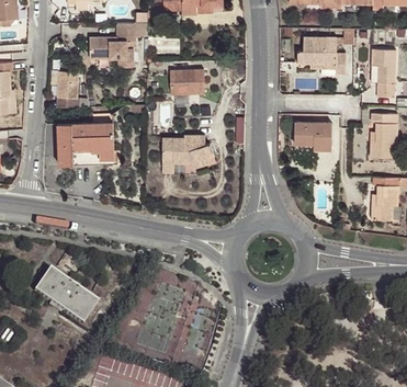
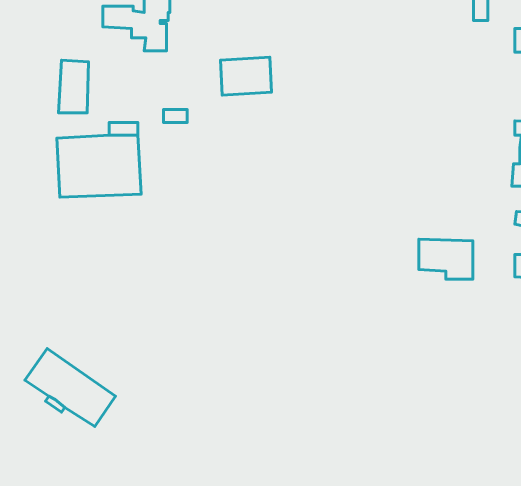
building: [297,36,344,75] -> none
building: [294,123,331,150] -> [419,239,473,279]
building: [161,135,214,172] -> none

